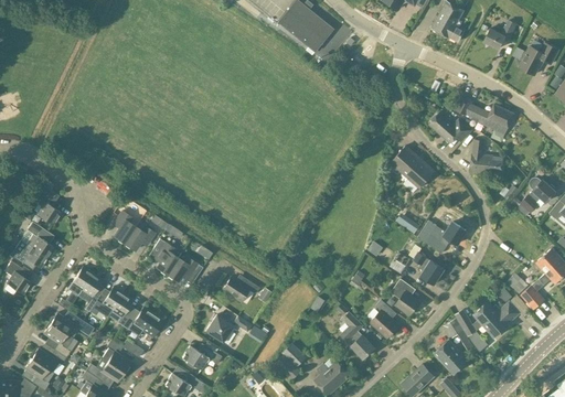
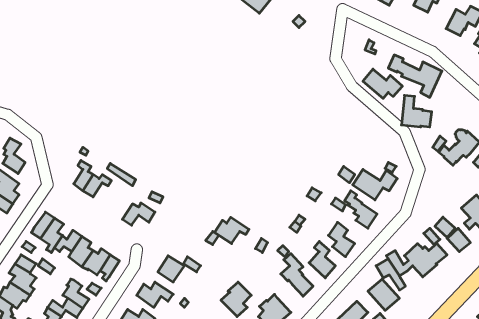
building: [391,146,435,189] -> none
building: [153,239,179,275] -> none
building: [223,273,260,302] -> [214,217,249,244]

